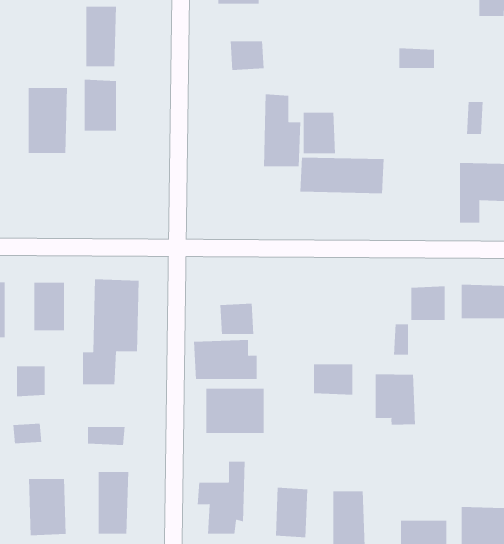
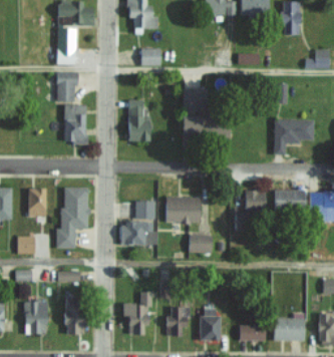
building: [28,88,68,154] -> [64,105,87,143]
building: [263,94,301,167] -> [128,99,150,141]
building: [375,374,415,426] -> none
building: [205,388,264,433] -> [166,197,201,223]

